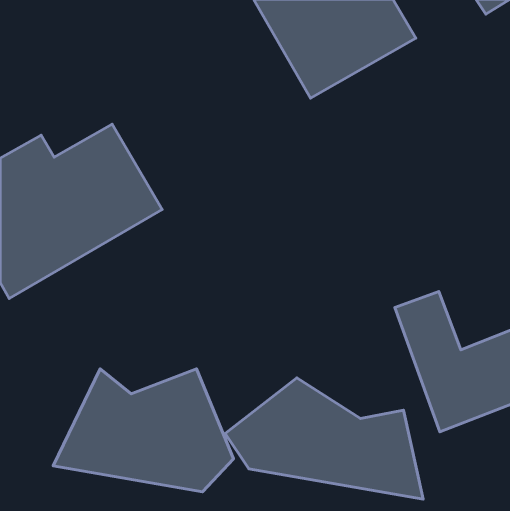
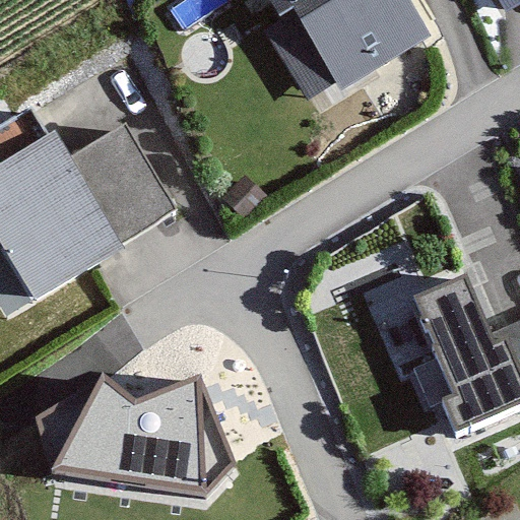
building: [225,378,423,499] -> none

